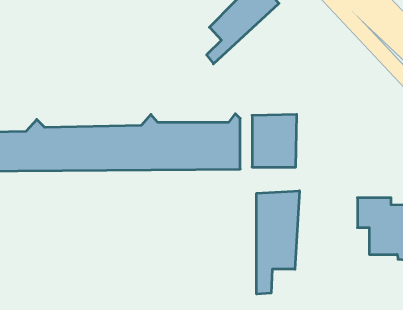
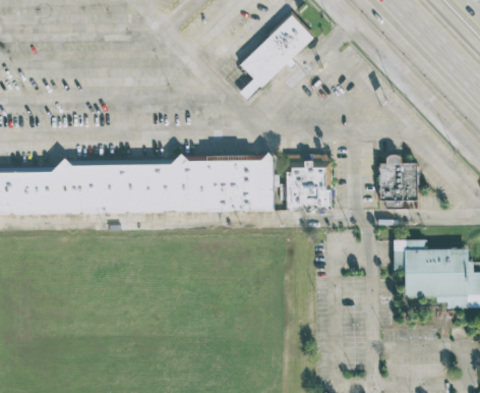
building: none -> [379,165,415,207]
building: [257,191,299,294] -> none

